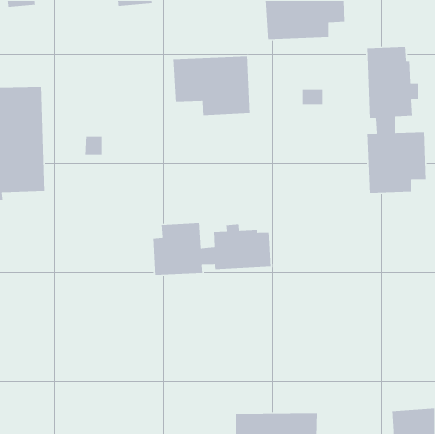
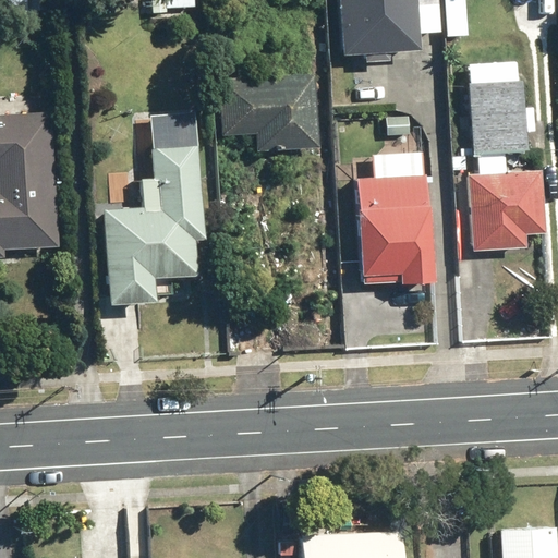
building: none -> [101,111,206,305]
building: none -> [357,153,435,286]
building: [152,222,271,276] -> none

